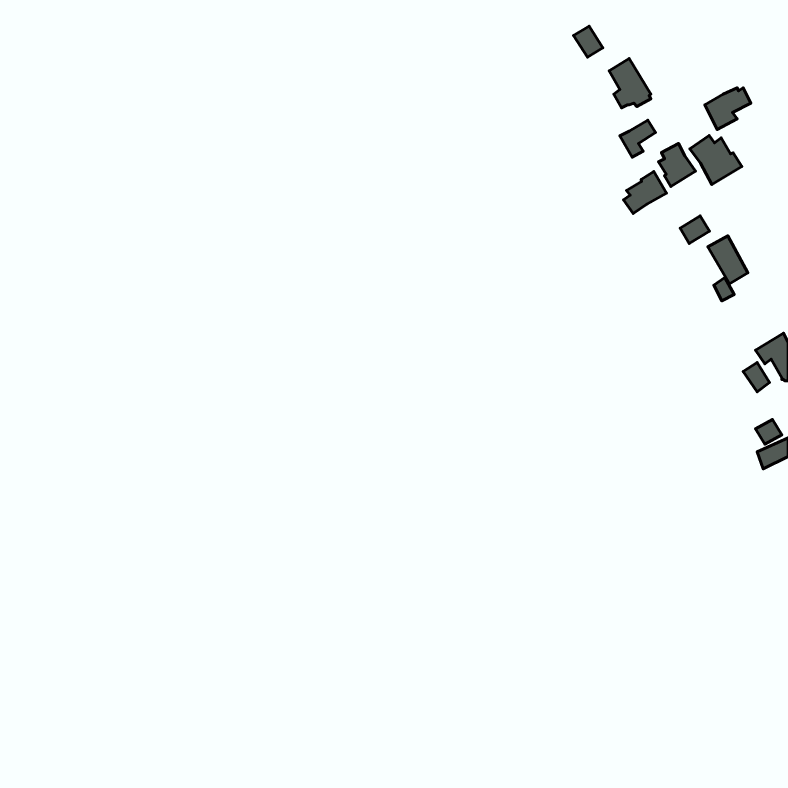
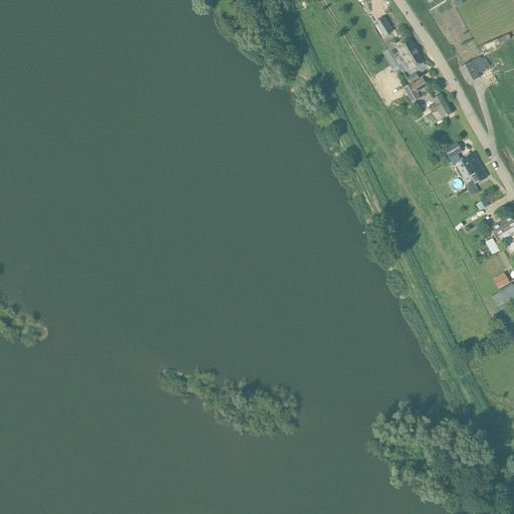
building: [690,136,742,184] -> none
building: [623,171,667,214] -> none

